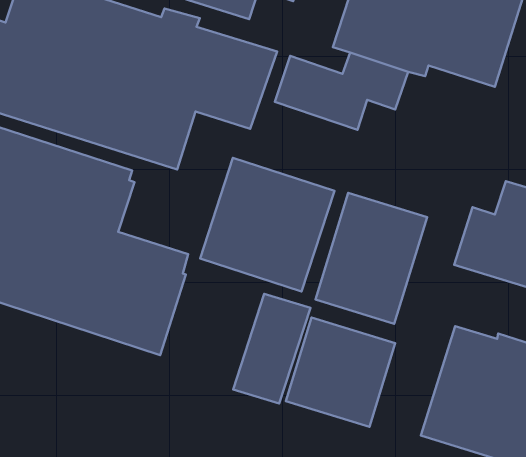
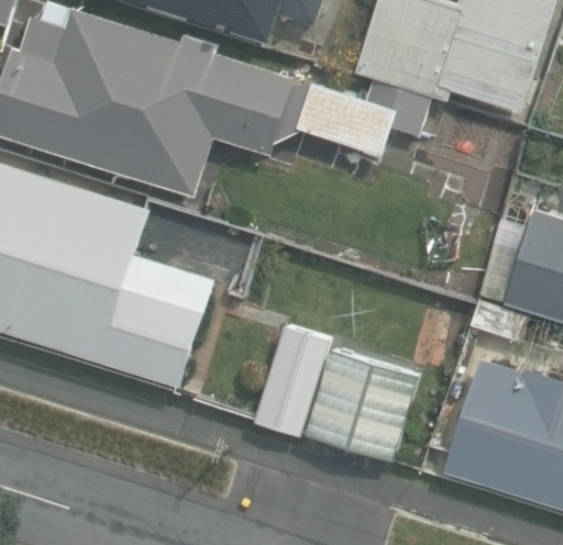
building: [200,158,334,292] -> none
building: [315,193,427,324] -> none

